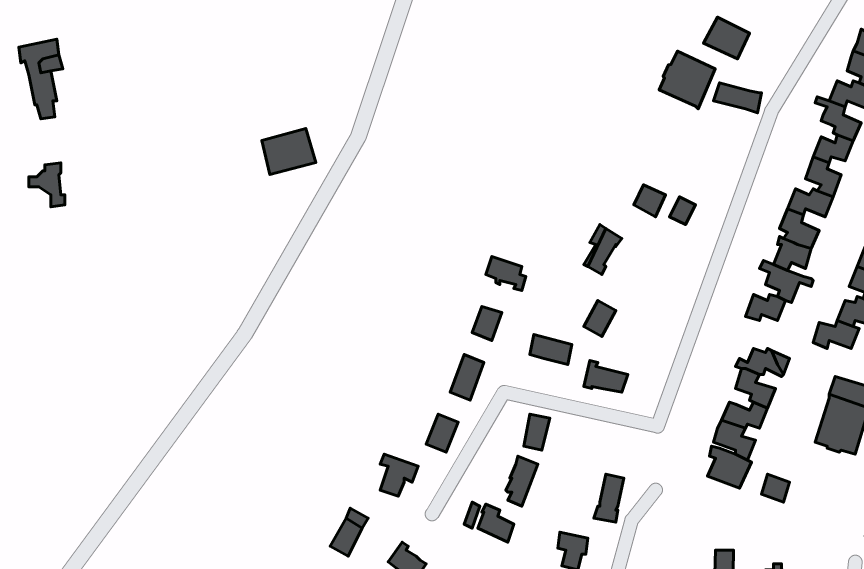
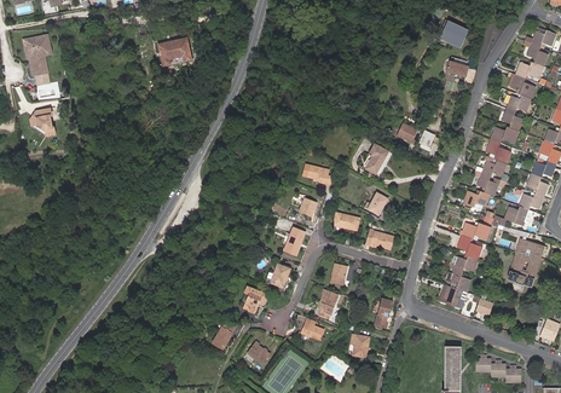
building: [659,51,715,109] -> none
building: [262,129,316,175] -> [157,36,190,64]

